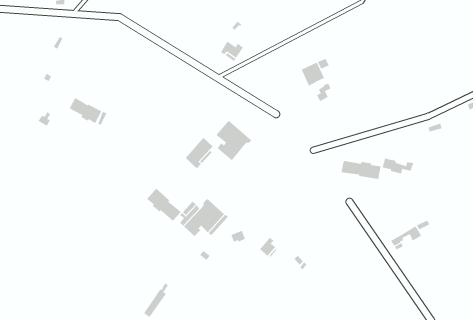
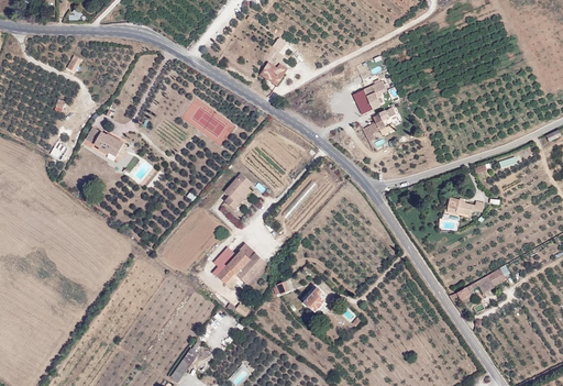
building: [216,120,252,161] -> none
building: [341,160,381,180] -> none
building: [146,188,182,221] -> none

